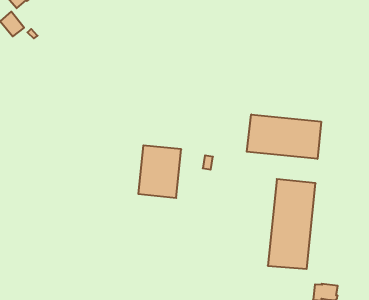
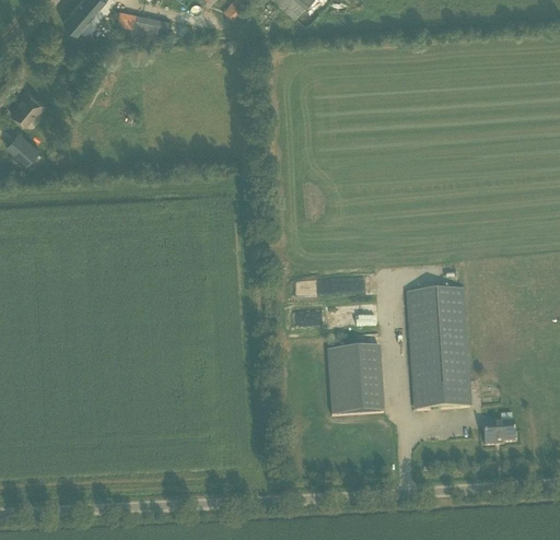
building: [247,114,321,159] -> none
building: [138,145,181,198] -> [327,344,383,413]

